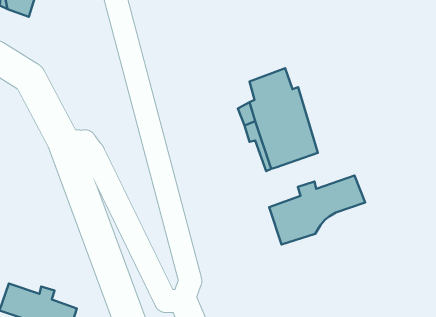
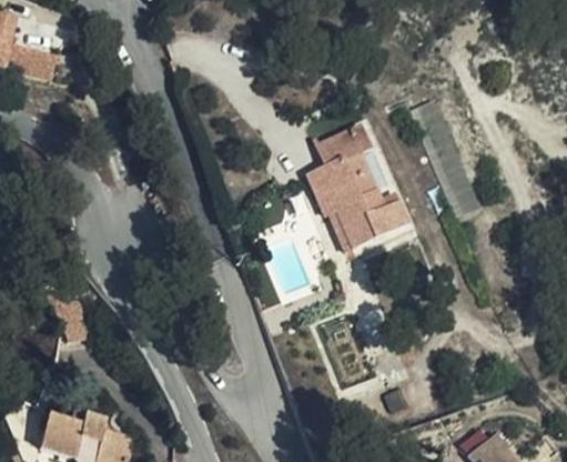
building: [269,175,365,244] -> none

